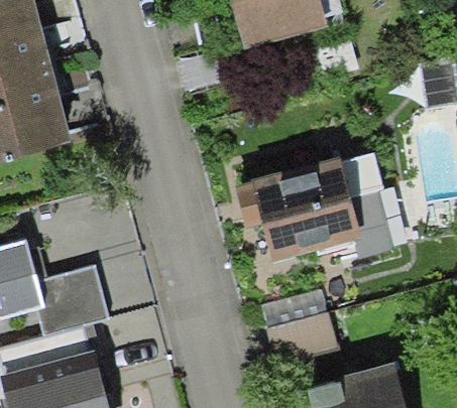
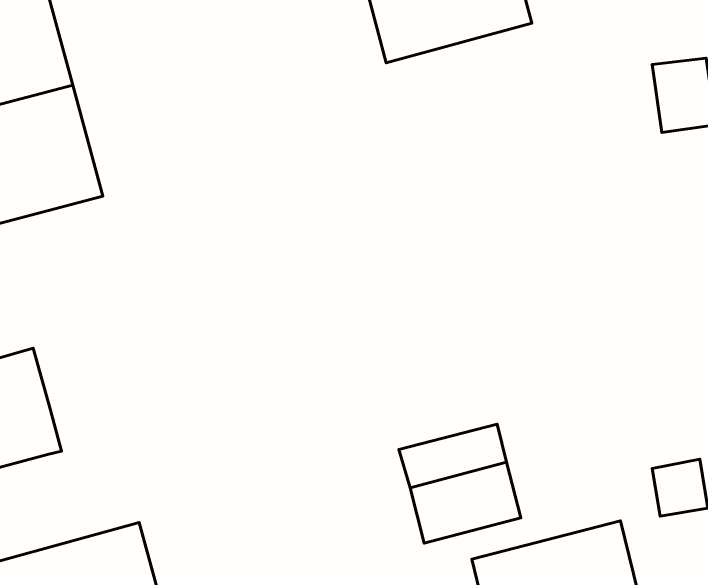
building: [262,148,395,250] -> none
building: [34,266,106,336] -> none

